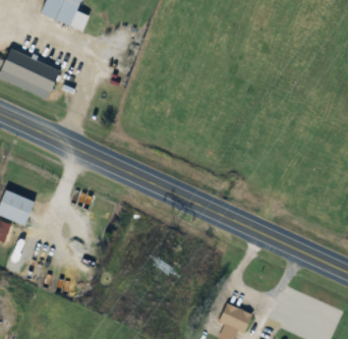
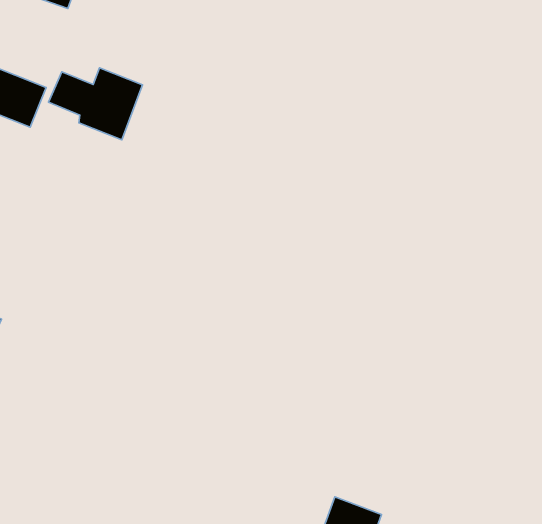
building: none -> [48,68,143,140]

